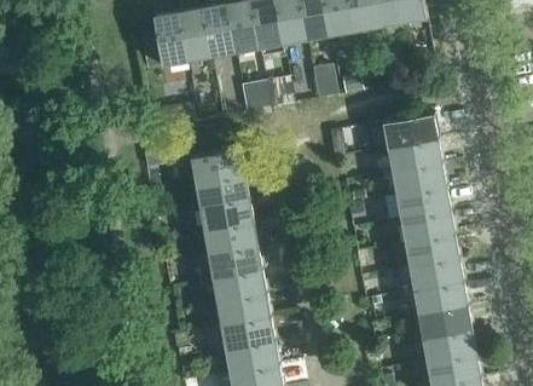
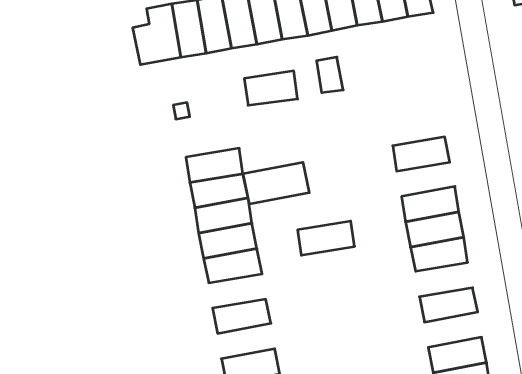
building: [382,114,436,146] -> none
building: none -> [243,162,309,204]
building: [390,162,446,195] -> none
building: [409,258,463,290] -> none
building: [212,269,266,301] -> [298,221,355,255]
building: [417,305,471,339] -> none
building: [220,316,274,350] -> none

